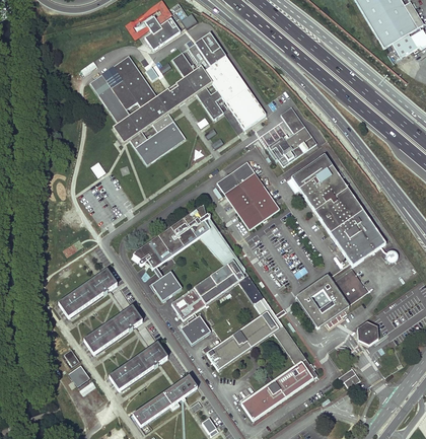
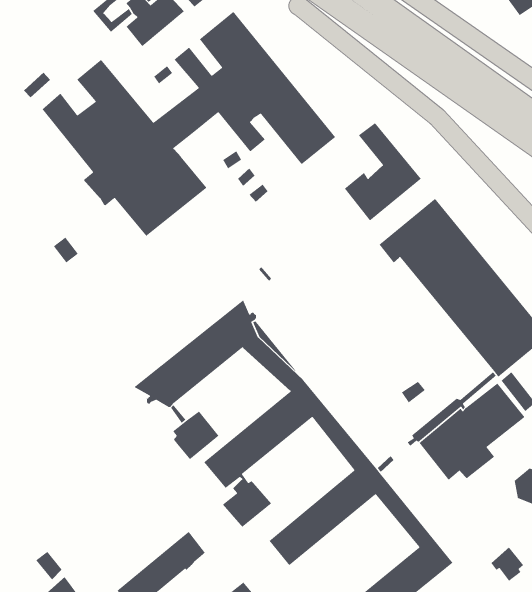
building: [215,161,278,229] -> none
building: [60,270,117,316] -> none
building: [85,306,142,353] -> none

